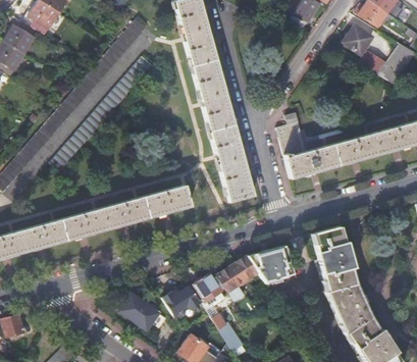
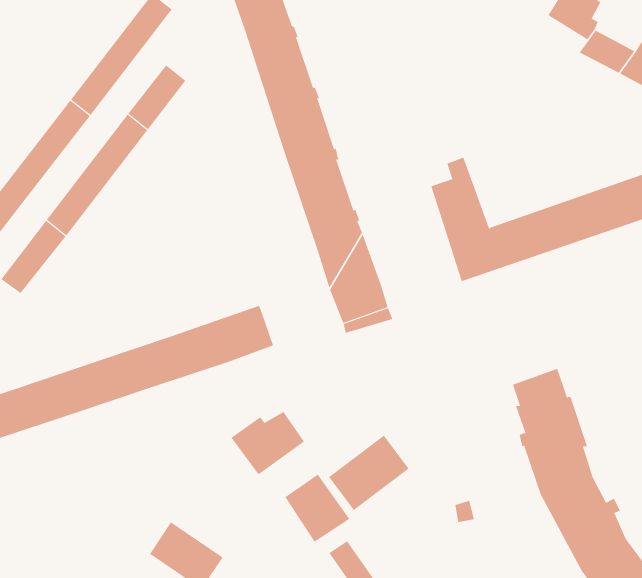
building: [248,246,293,283] -> none
building: [161,286,200,318] -> [231,411,305,475]

